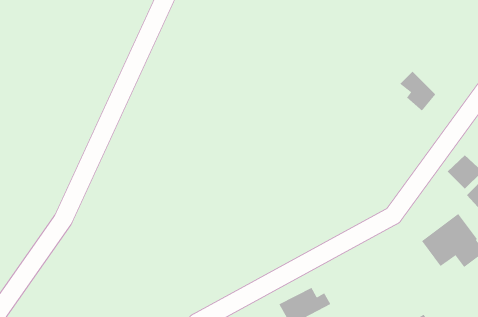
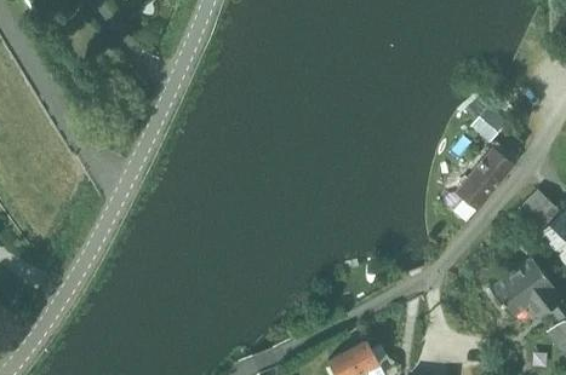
building: none -> [453,143,513,220]

